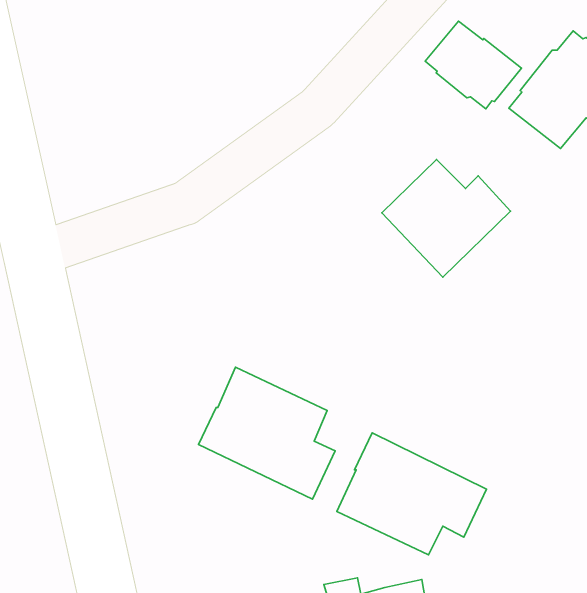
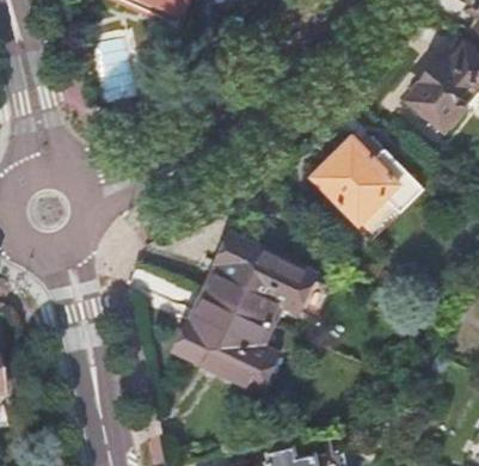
building: [425,21,522,109] -> none
building: [337,433,486,555] -> [203,234,314,325]

